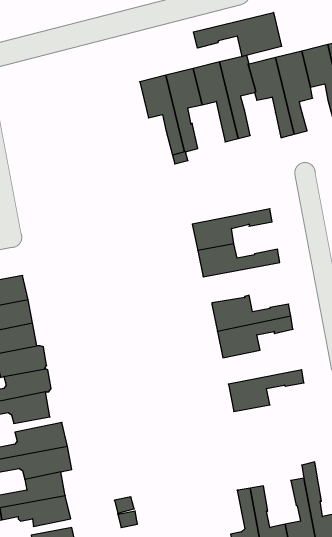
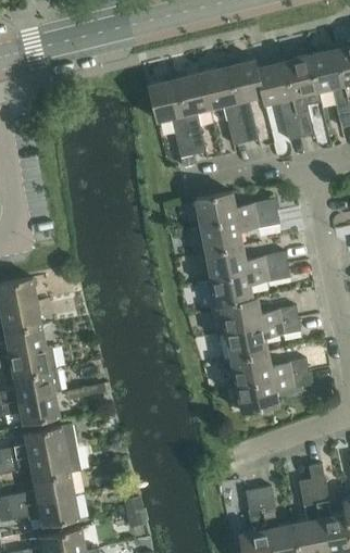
building: [193,12,282,57] -> none
building: none -> [195,192,277,227]
building: none -> [200,265,290,309]
building: none -> [230,352,309,386]

